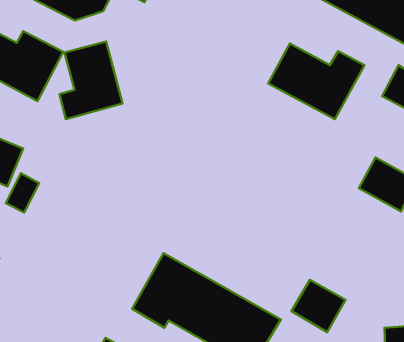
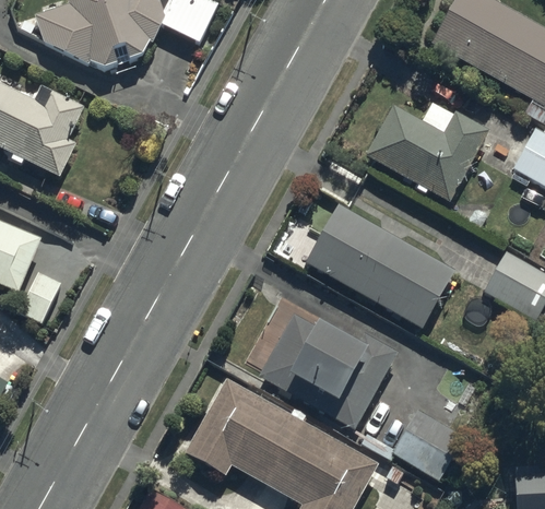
building: [60,41,122,119] -> none
building: none -> [304,203,453,327]
building: none -> [257,308,398,429]

